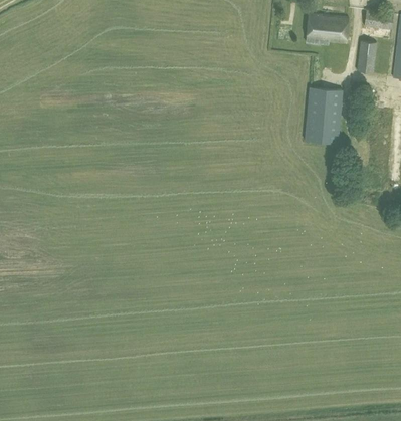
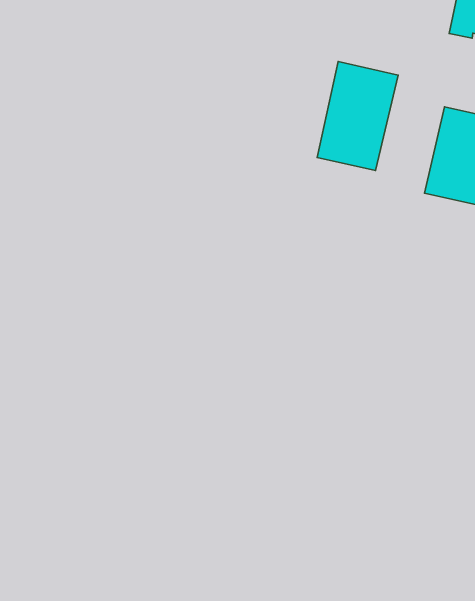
building: none -> [317,61,398,171]

